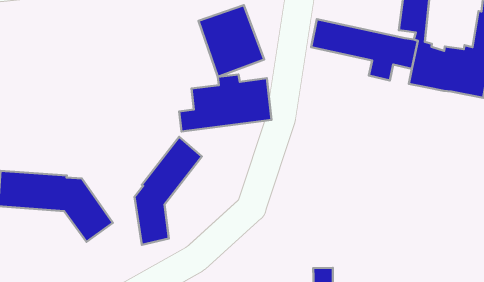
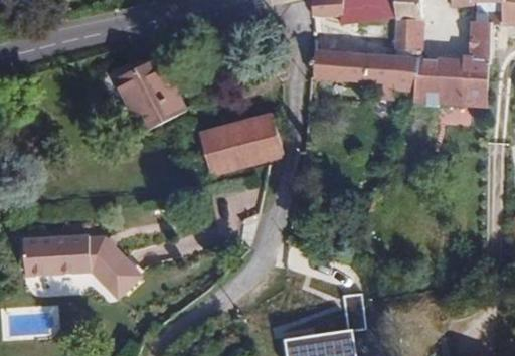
building: [199,5,264,77] -> [116,59,185,133]
building: [135,137,202,245] -> none

